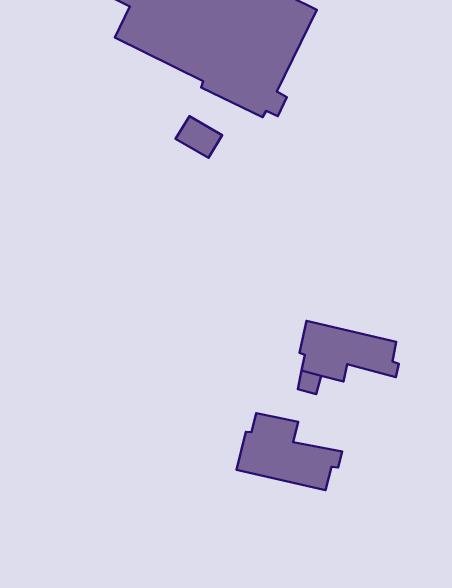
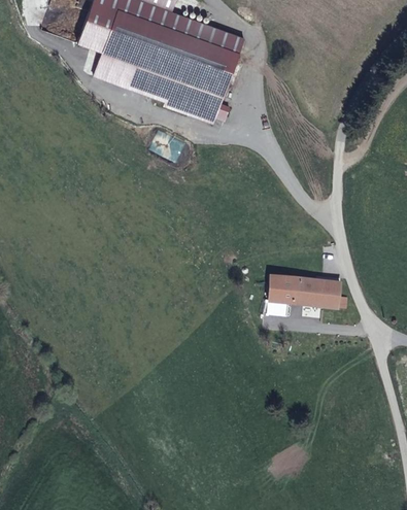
building: [237,413,342,490] -> none

